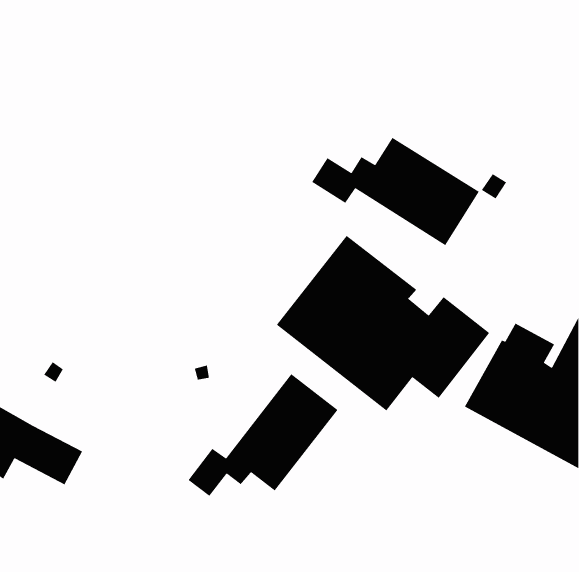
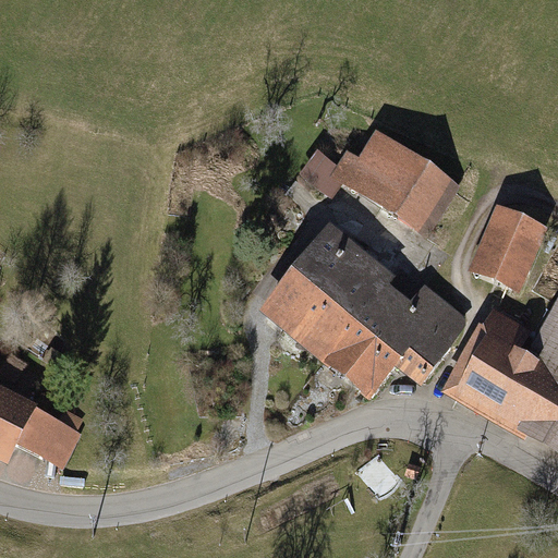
building: none -> [469,206,548,293]
building: [188,373,338,497] -> none

